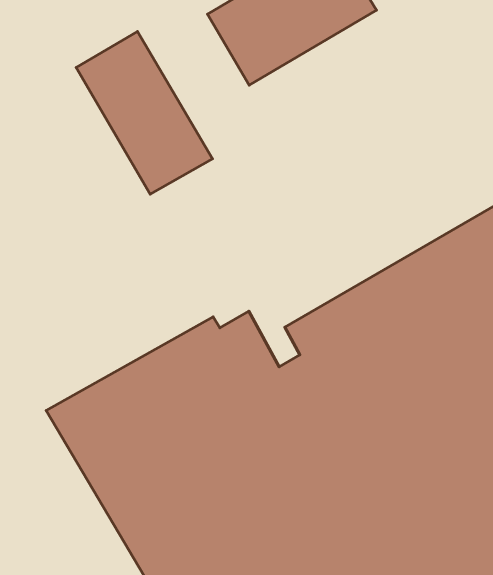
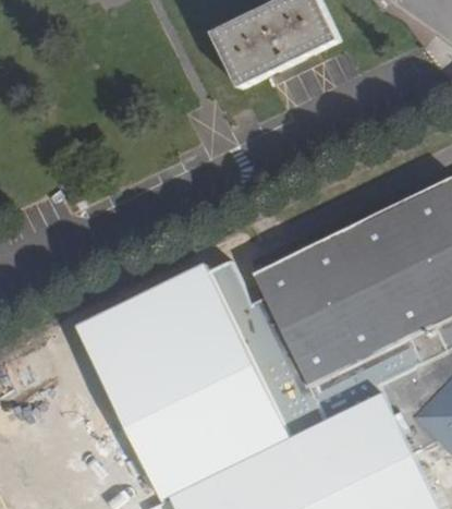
building: [76,31,213,194] -> none

